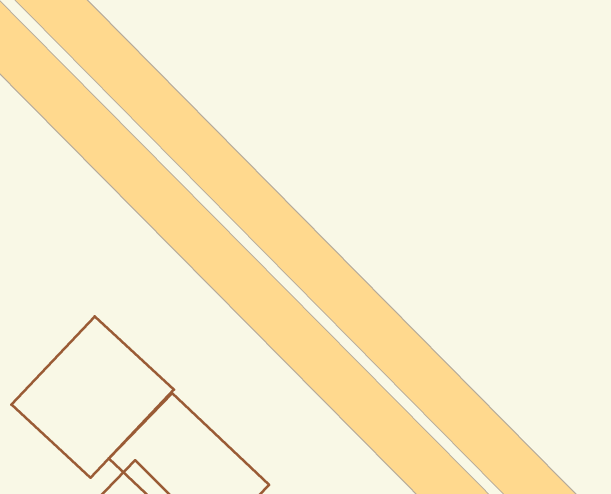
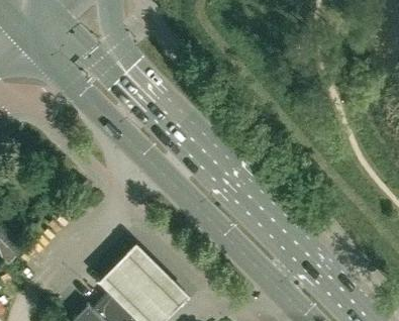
building: [11,316,174,478] -> none

